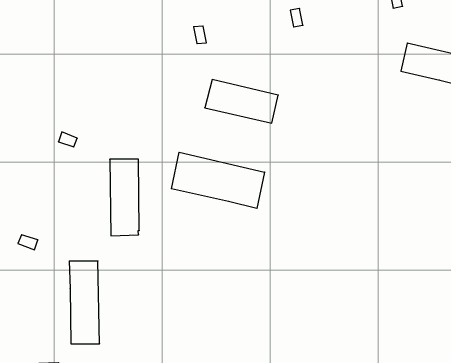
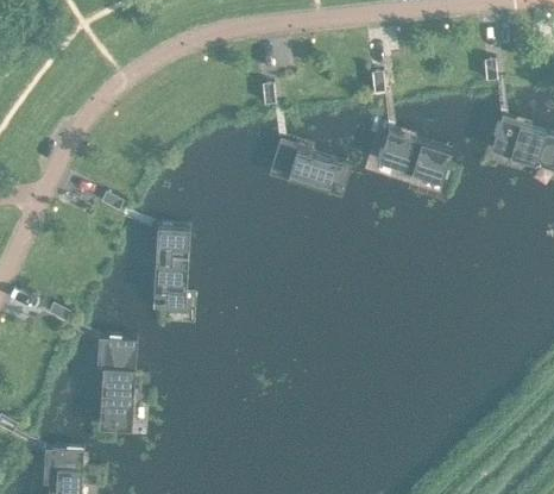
building: none -> [377,132,451,182]
building: [171,152,265,208] -> none

